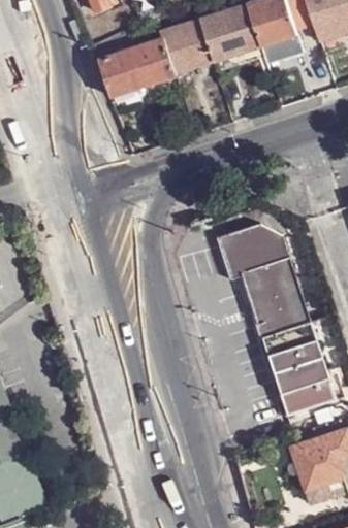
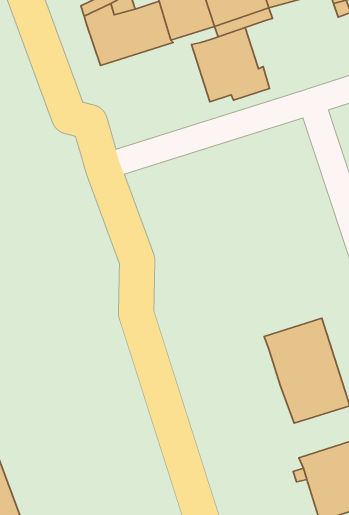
building: none -> [191,28,270,102]
building: [216,225,311,338] -> none

